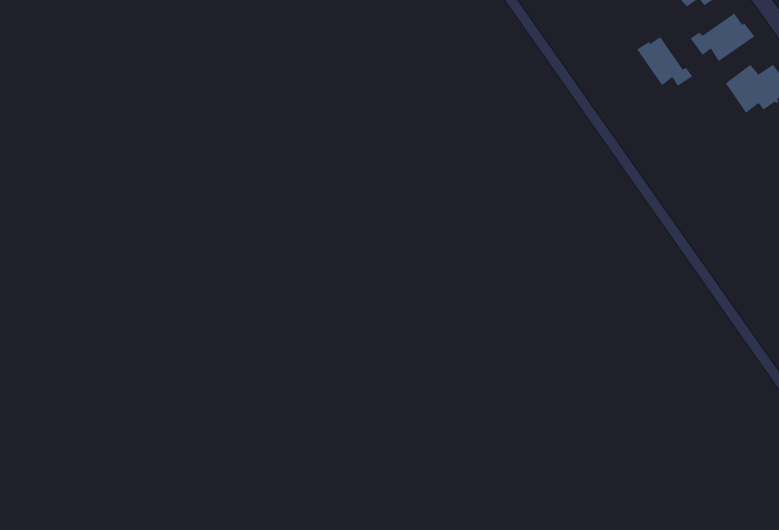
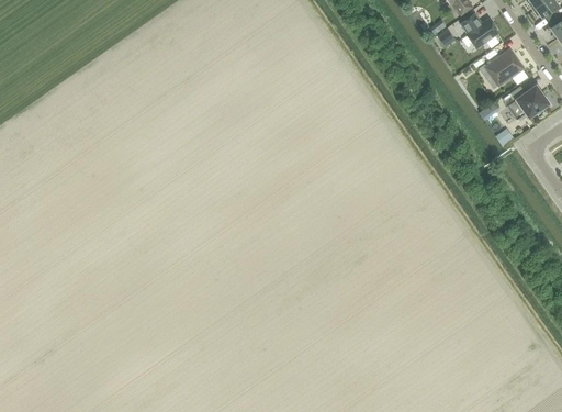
building: [636,36,693,87] -> none

